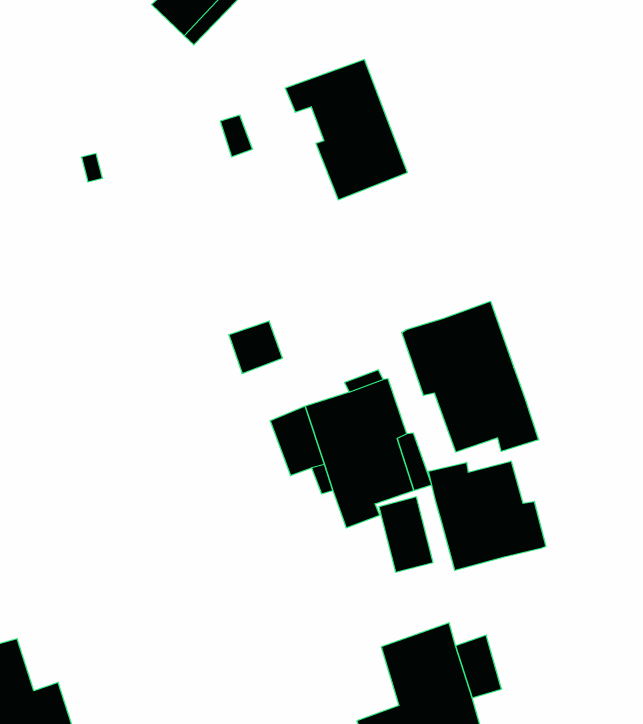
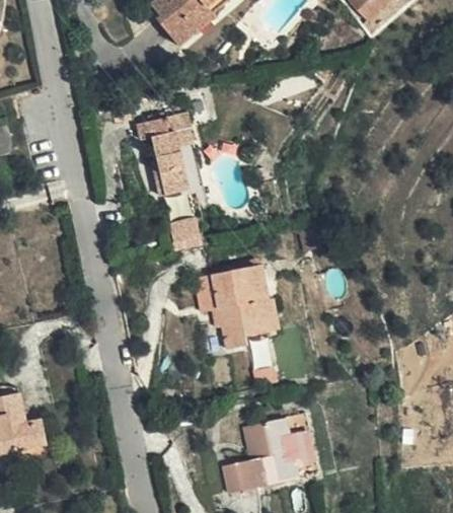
building: [285,59,407,200] -> [133,113,200,195]
building: [402,301,539,452] -> none
building: [429,461,546,570] -> none

